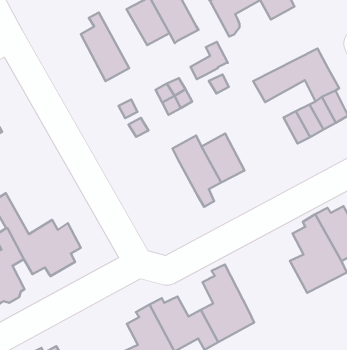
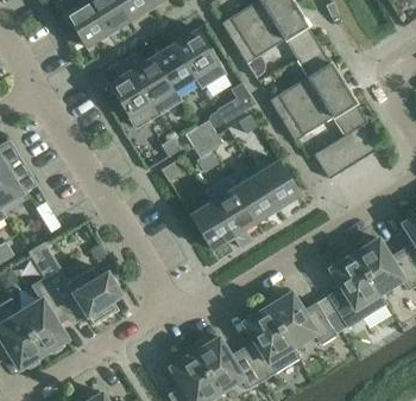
building: none -> [269,44,343,120]
building: none -> [125,55,181,114]
building: none -> [257,160,300,209]
building: none -> [189,202,233,249]
building: none -> [264,292,335,348]

